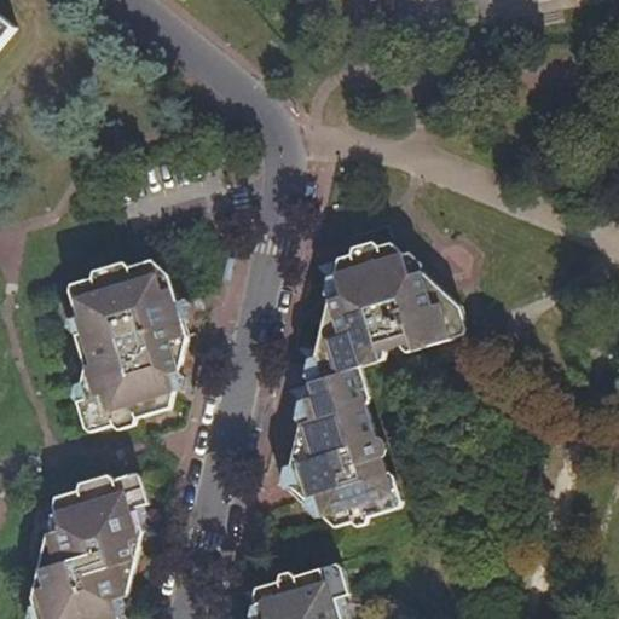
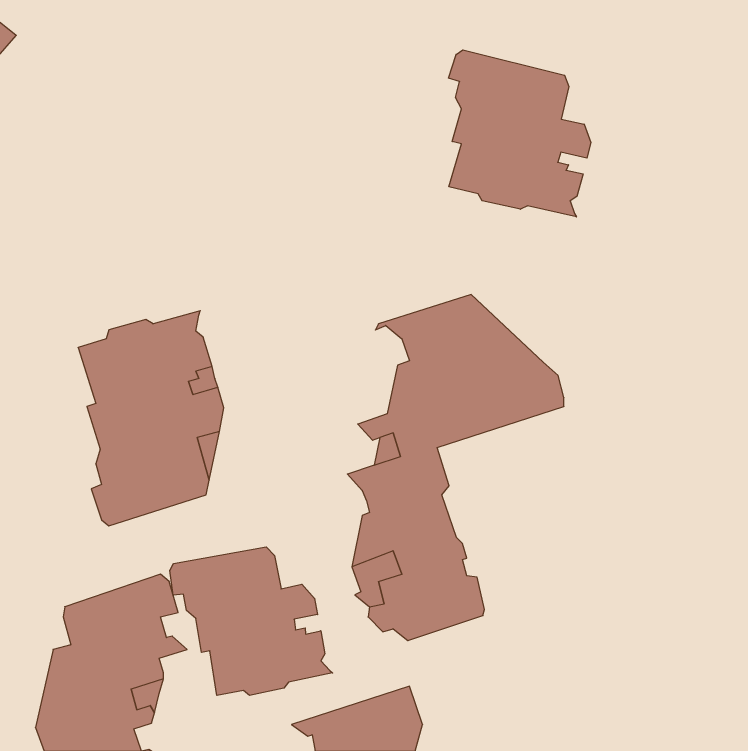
building: none -> [449,50,591,217]
building: none -> [170,547,333,695]

